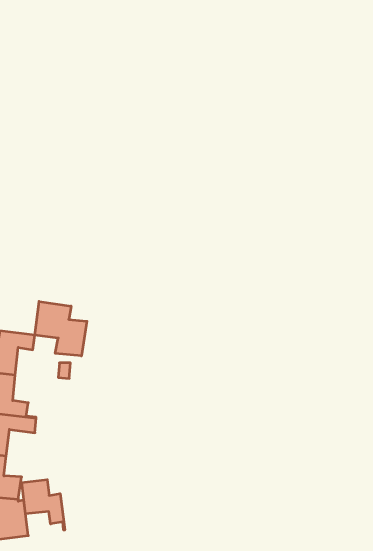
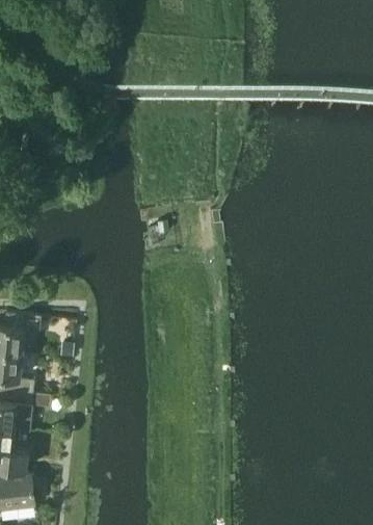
building: [35,301,87,356] -> none
building: [22,480,65,530] -> none

